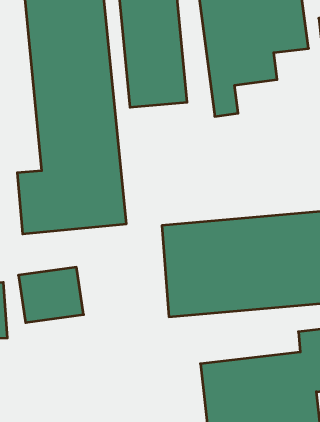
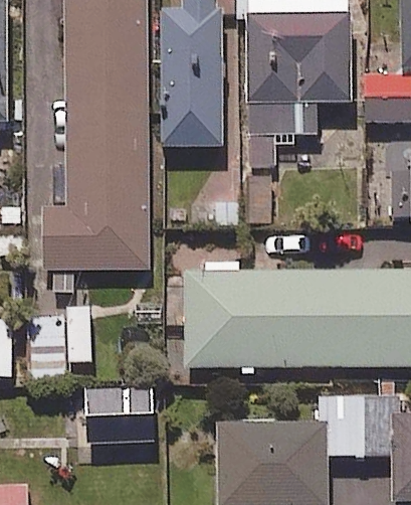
building: none -> [90,386,159,440]

